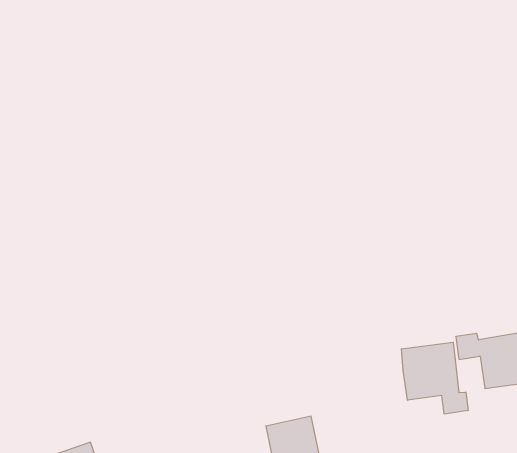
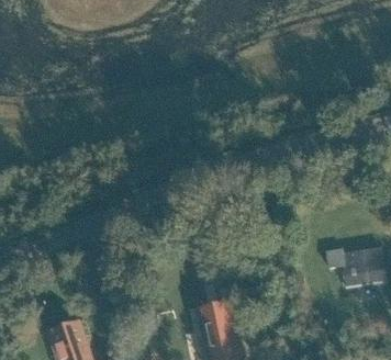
building: [402,342,468,414] -> none

